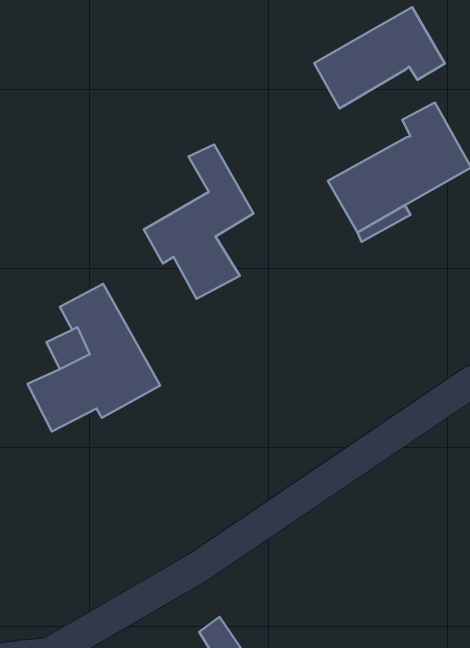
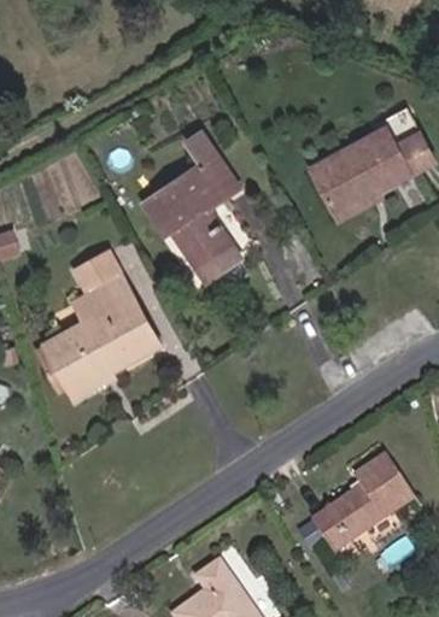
building: [314,7,445,108] -> none
building: none -> [314,460,411,556]

